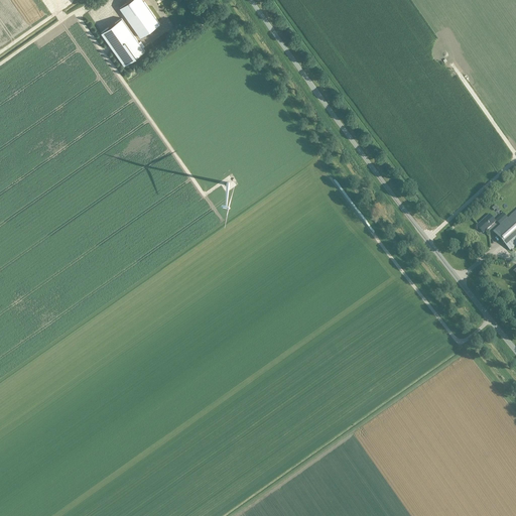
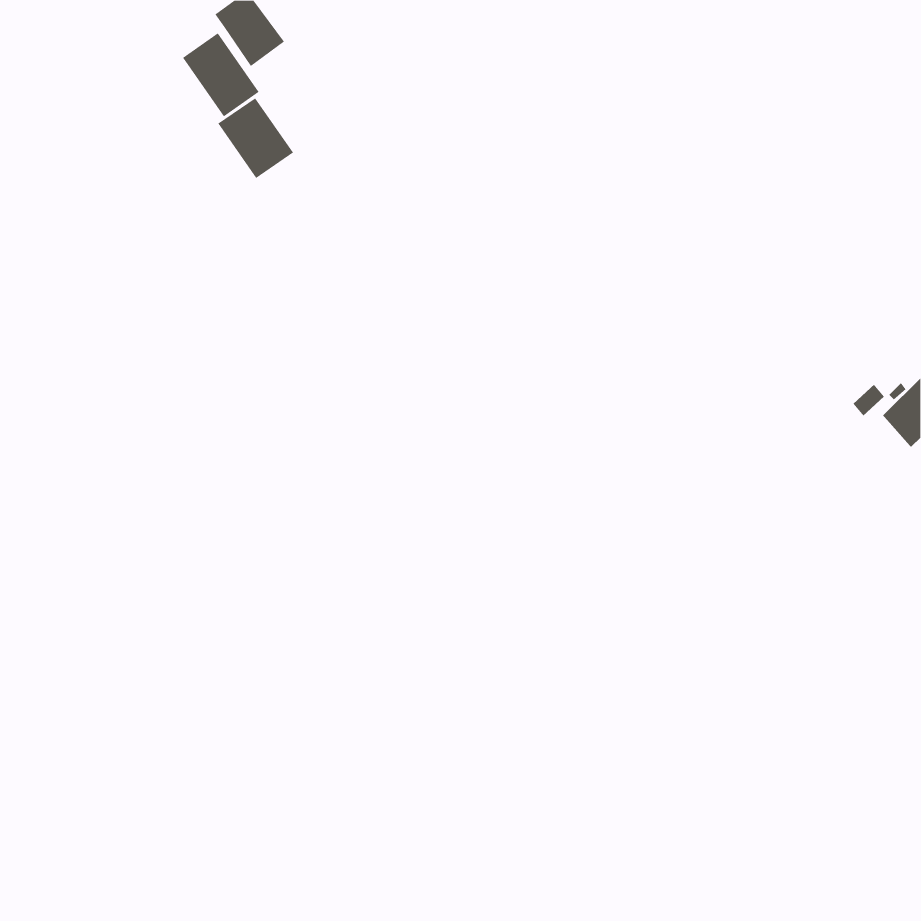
building: none -> [218,97,294,179]

